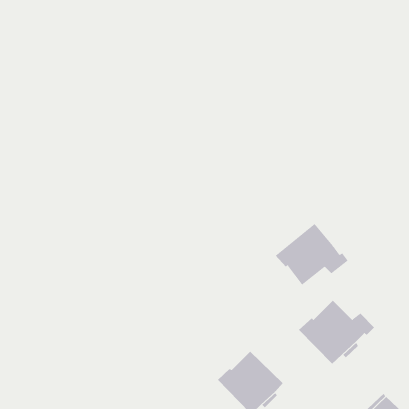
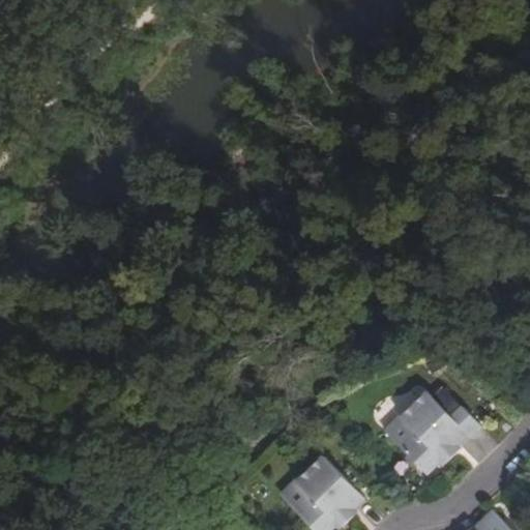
building: [275,223,348,285] -> none

